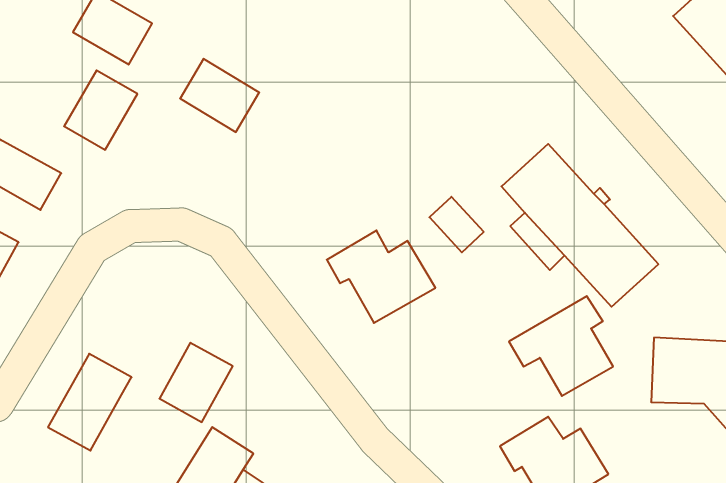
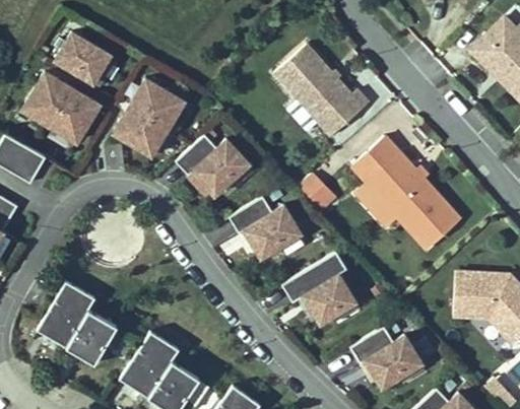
building: none -> [273,46,367,137]
building: none -> [22,71,71,125]
building: none -> [113,106,168,156]
building: none -> [177,137,253,199]
building: [509,296,613,396] -> [282,255,354,324]
building: [159,343,233,422] -> [67,311,118,365]

